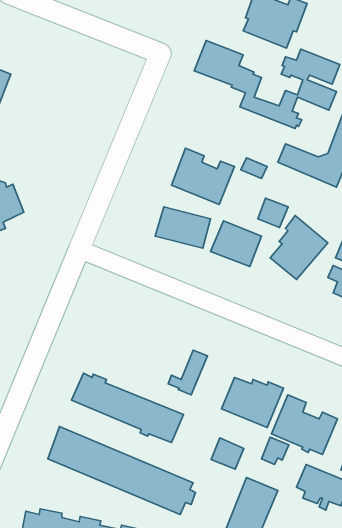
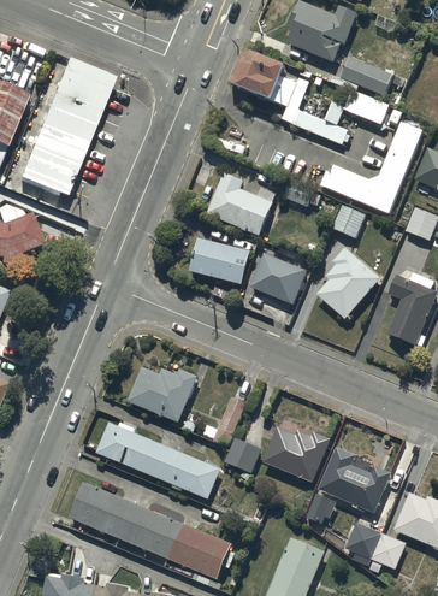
building: none -> [24,58,113,188]
building: [258,198,288,228] -> [332,205,366,237]
building: none -> [128,365,197,421]
building: [211,438,244,469] -> [225,437,261,472]

